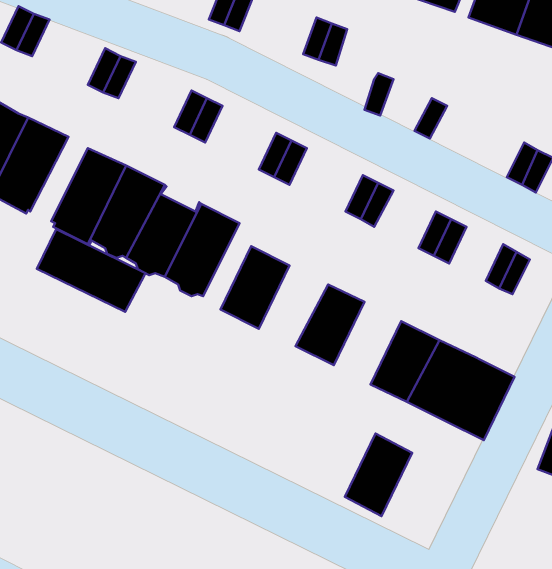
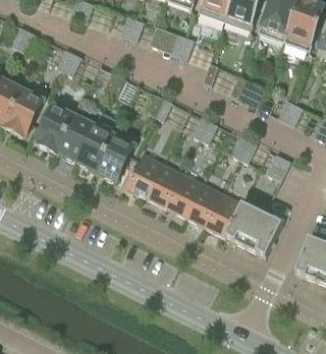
building: [37,229,146,312] -> none
building: none -> [146,164,182,206]
building: [345,434,412,516] -> [185,183,221,227]

